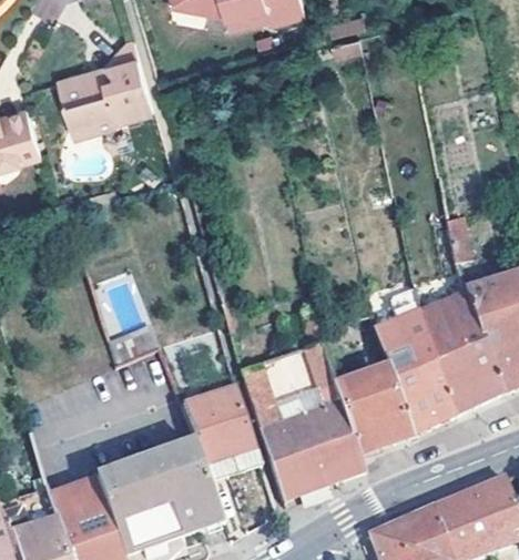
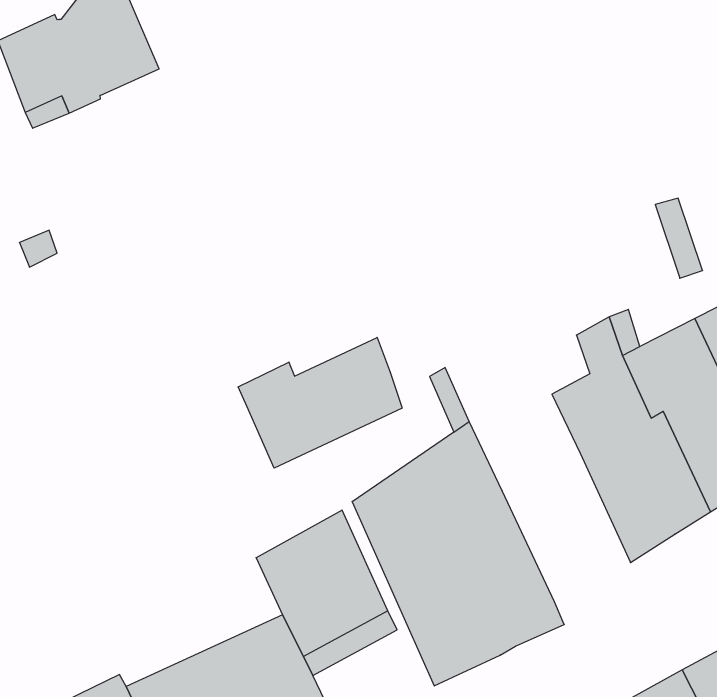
building: none -> [238,337,402,468]
building: [335,369,408,458] -> none

